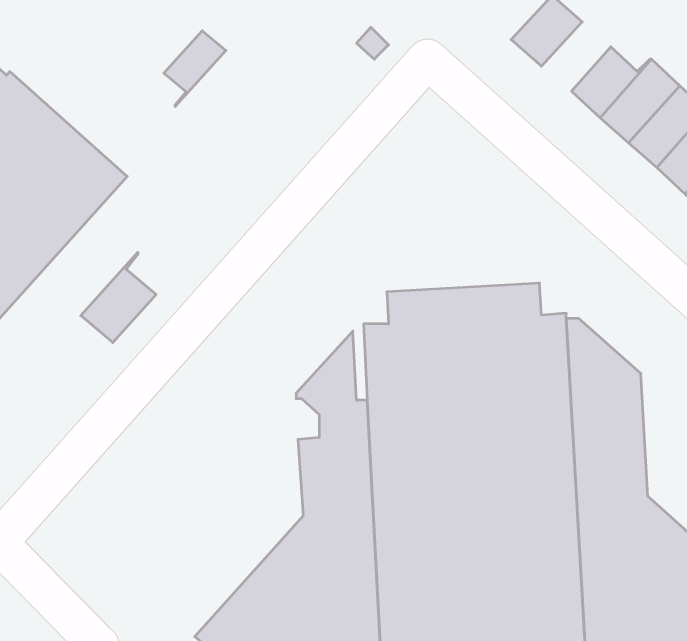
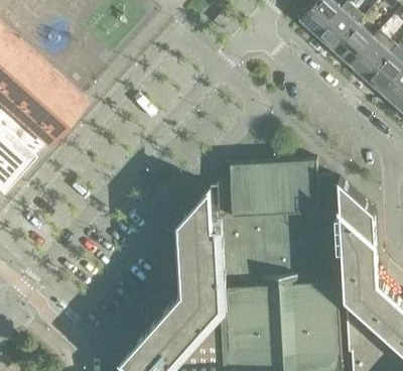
building: none -> [318,6,364,52]
building: [164,31,226,107] -> none
building: [81,252,156,343] -> none

